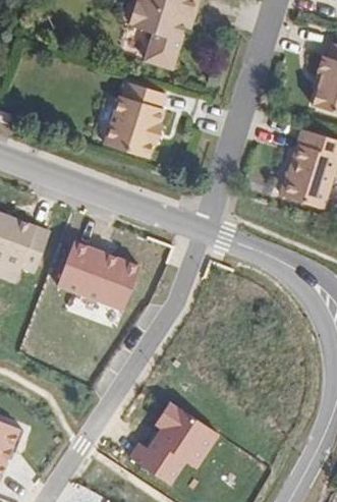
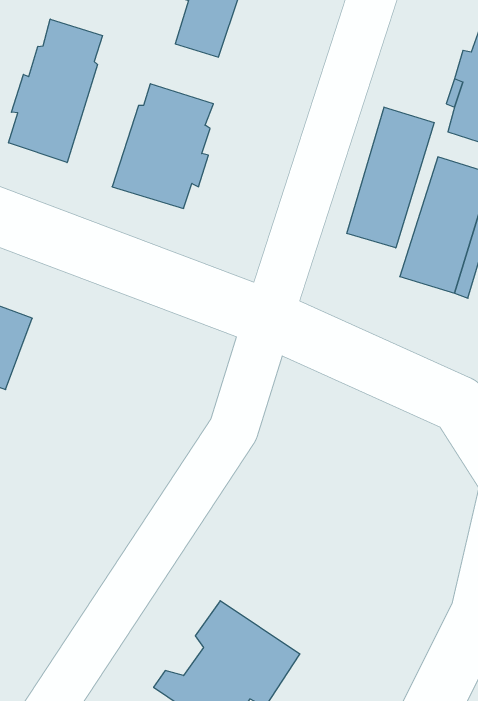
building: none -> [9,19,102,163]
building: none -> [347,107,434,248]
building: [55,238,137,306] -> none

